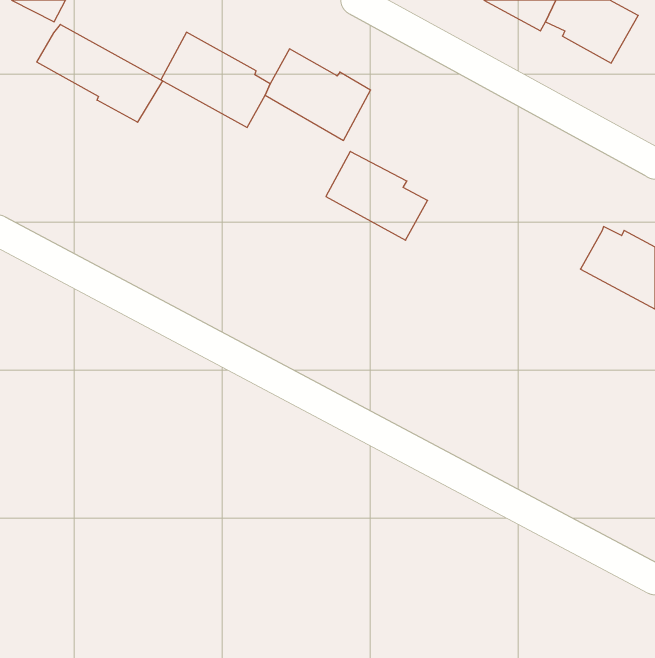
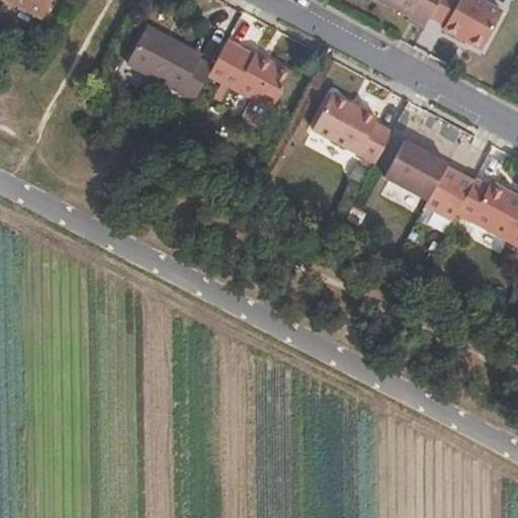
building: [37,24,163,122] -> none
building: [326,151,428,240] -> [313,93,393,163]
building: none -> [384,140,473,221]

